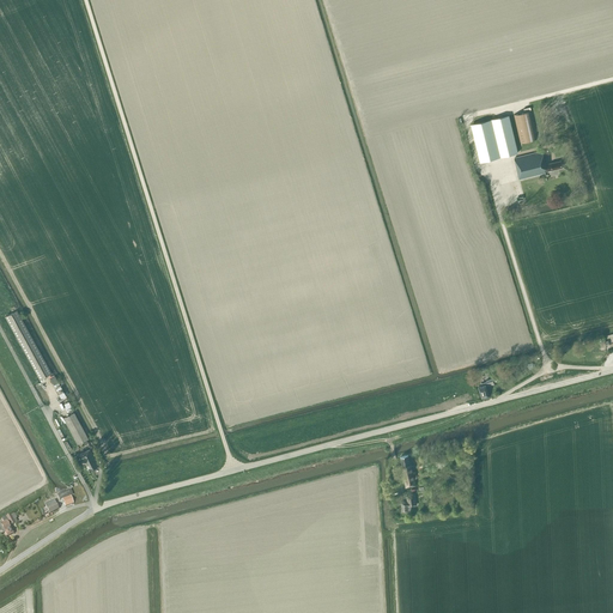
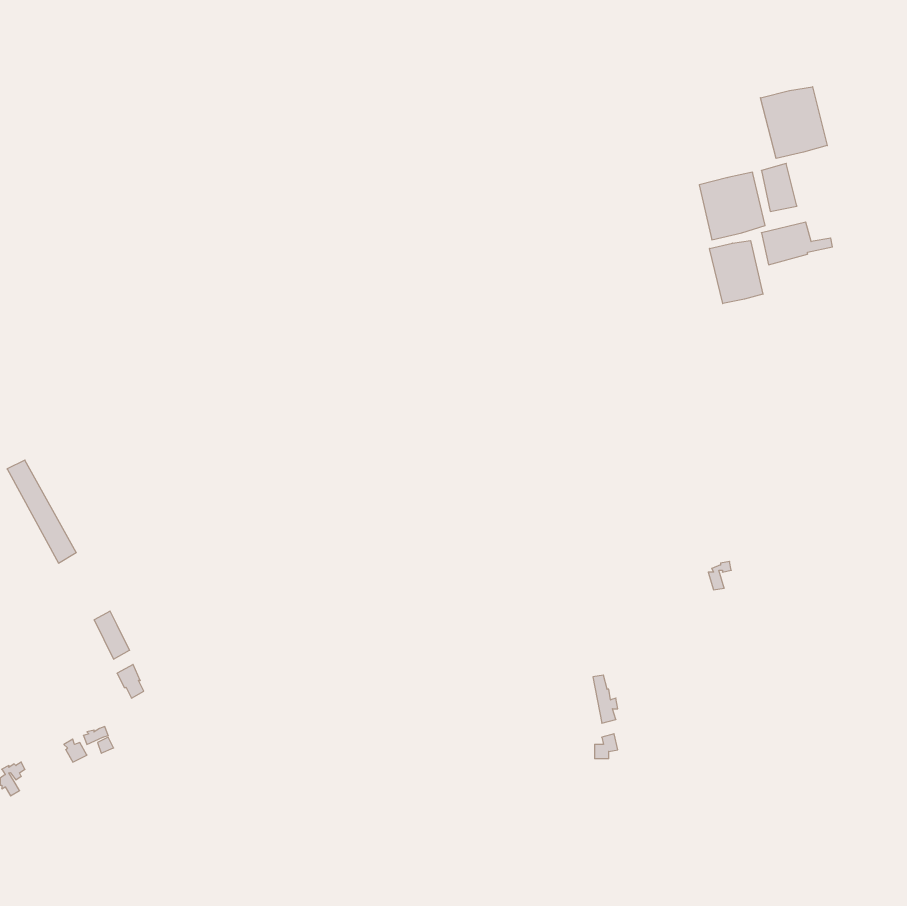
building: none -> [760,87,827,158]
building: none -> [710,241,763,304]

